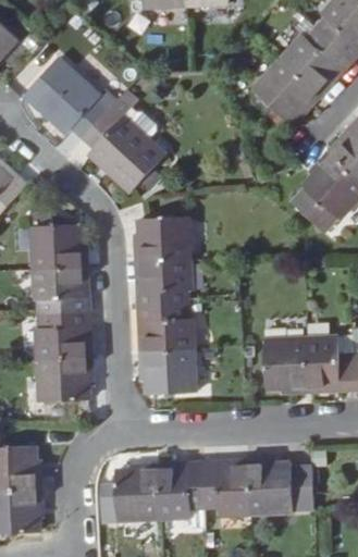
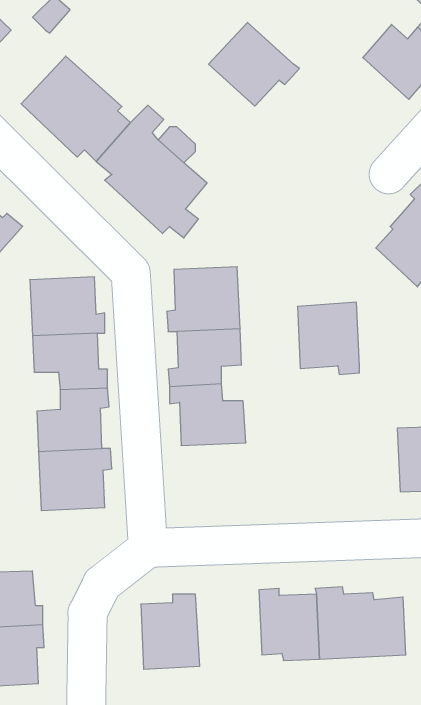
building: [252,60,321,123] -> [209,22,299,106]
building: [263,339,310,394] -> [297,302,359,374]
building: [137,350,196,395] -> none
building: [157,461,206,519] -> none

